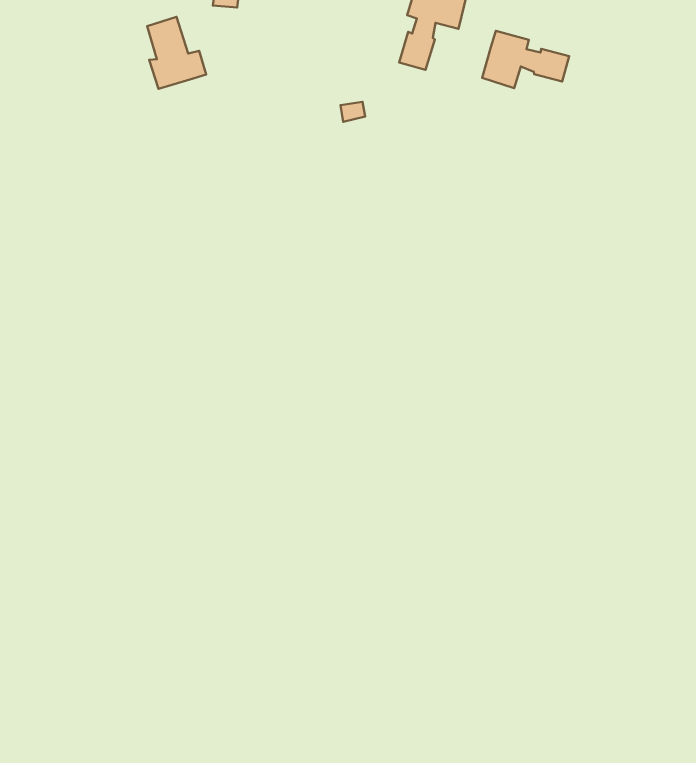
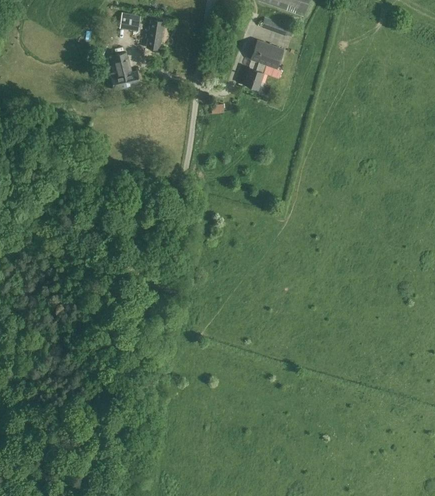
building: [482,31,569,88] -> none

